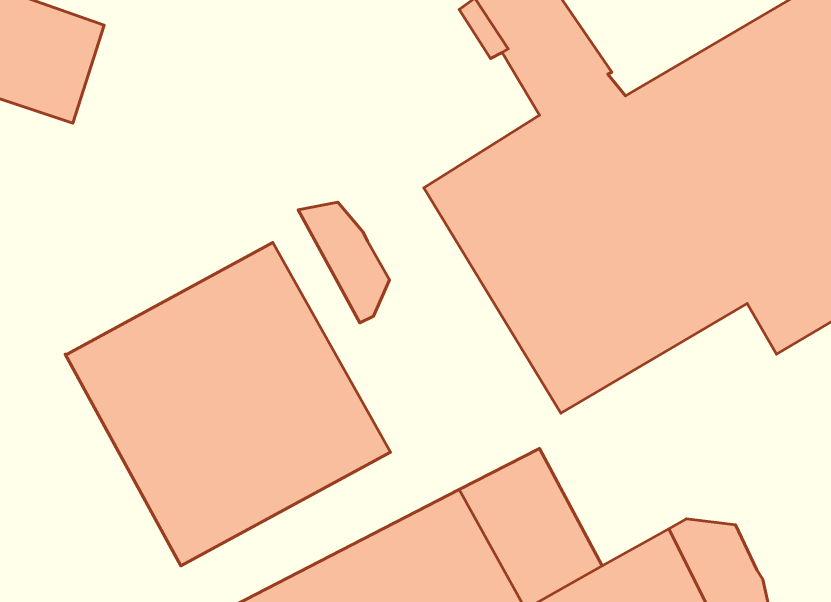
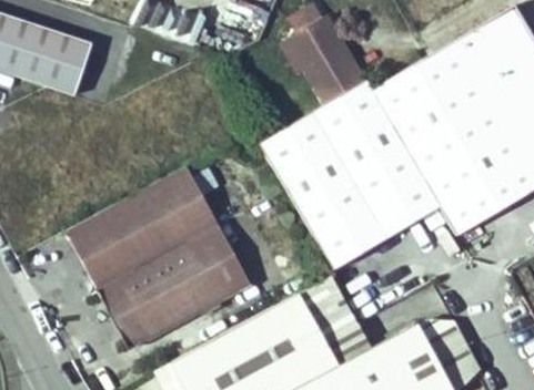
building: [298,202,389,323] -> none

